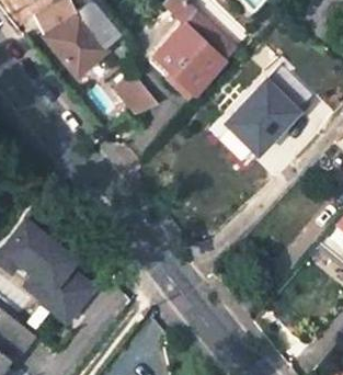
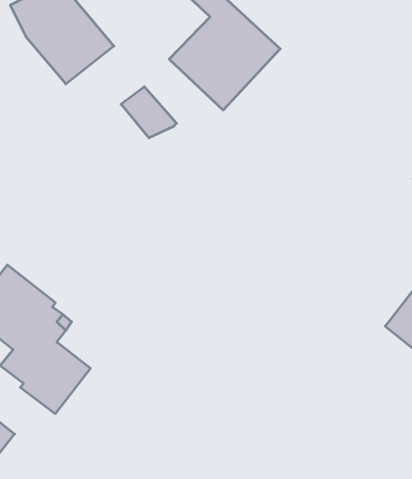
building: [221,64,311,157] -> none

